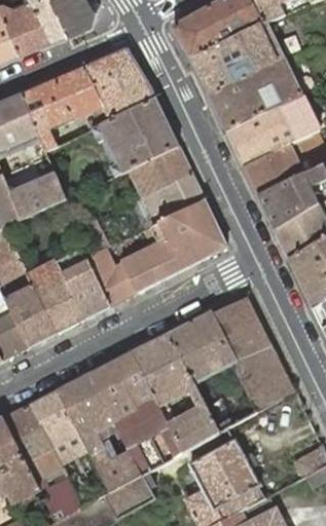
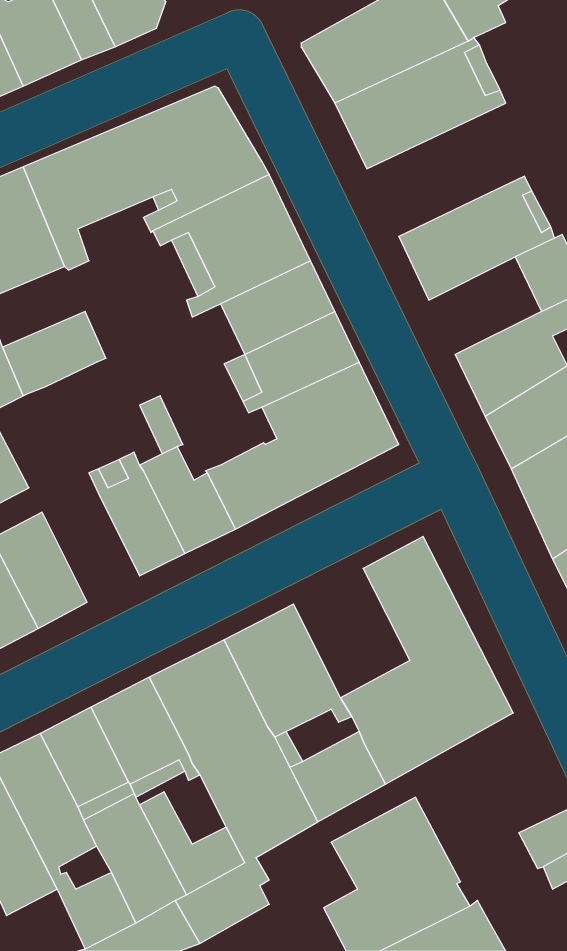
building: [210,59,303,132] -> none
building: [244,143,305,196] -> none
building: [27,260,85,332] -> none
building: [170,313,233,384] -> none

